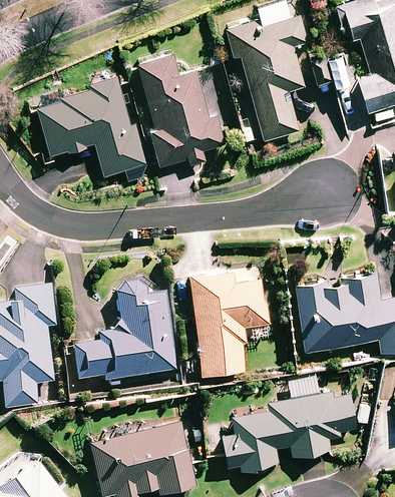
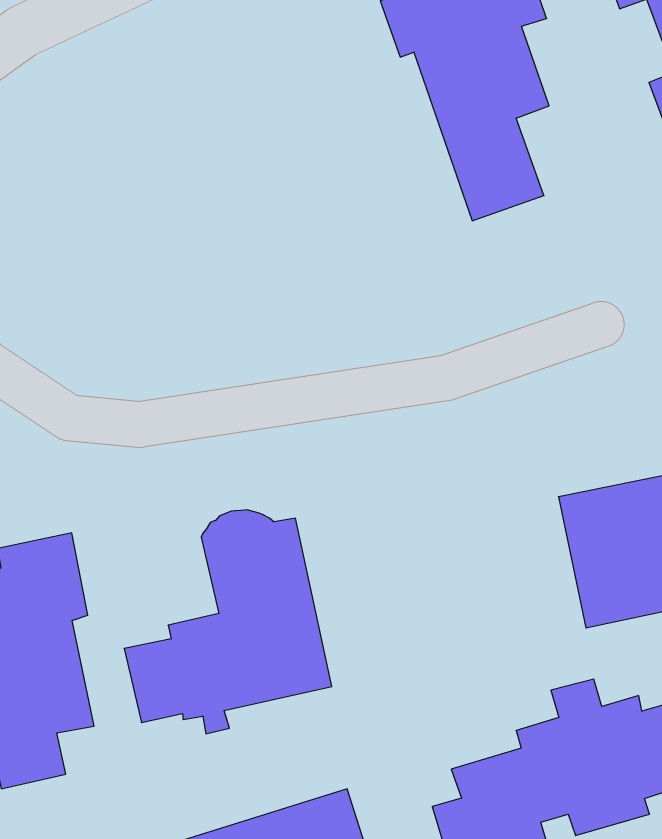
building: [138,53,224,166] -> none
building: [37,76,146,177] -> none
building: [187,273,268,379] -> none

